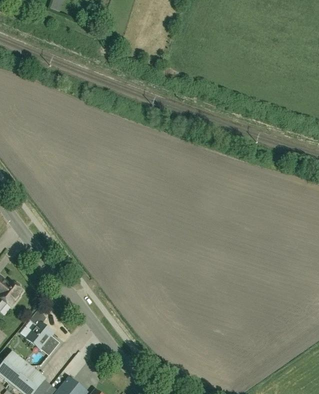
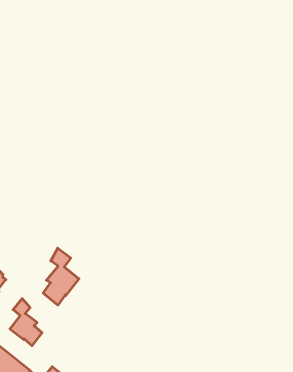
building: none -> [43,248,79,305]

